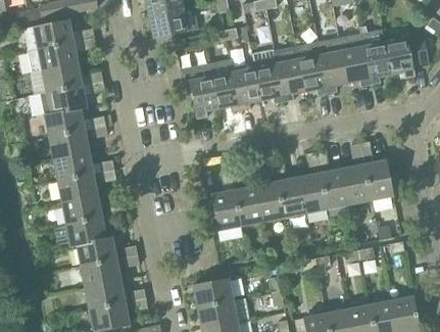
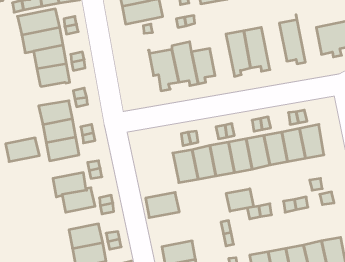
building: [359,26,390,84] -> none
building: [317,37,348,93] -> none
building: [252,49,285,103] -> none
building: [44,108,85,137] -> none
building: [61,196,102,225] -> [6,138,39,162]
building: none -> [226,189,254,211]
building: [81,258,120,287] -> none
building: [193,277,234,307] -> [146,192,179,218]

